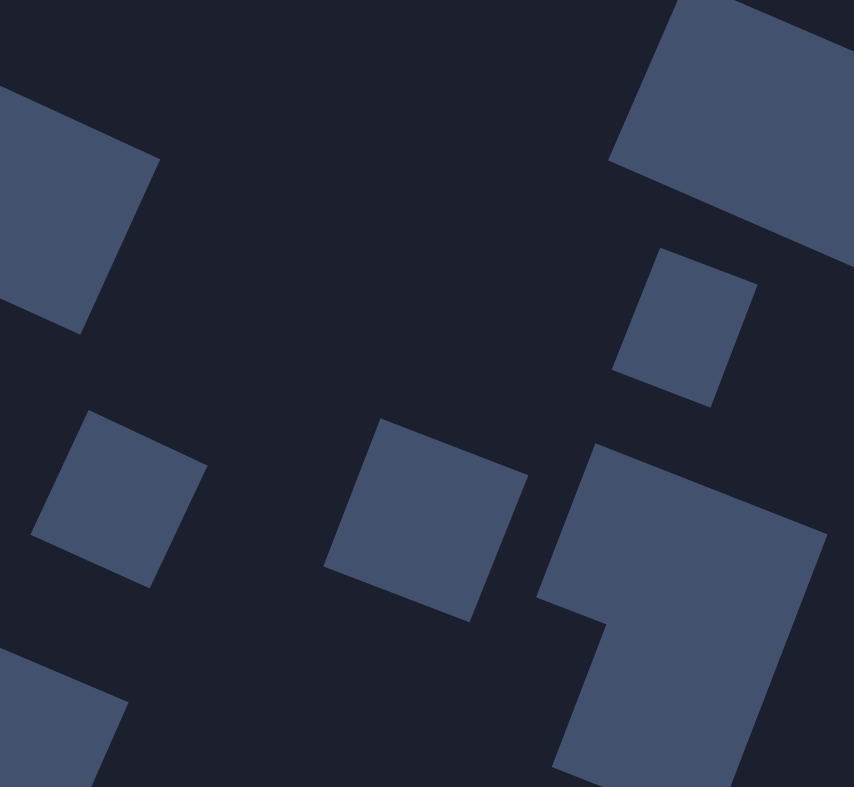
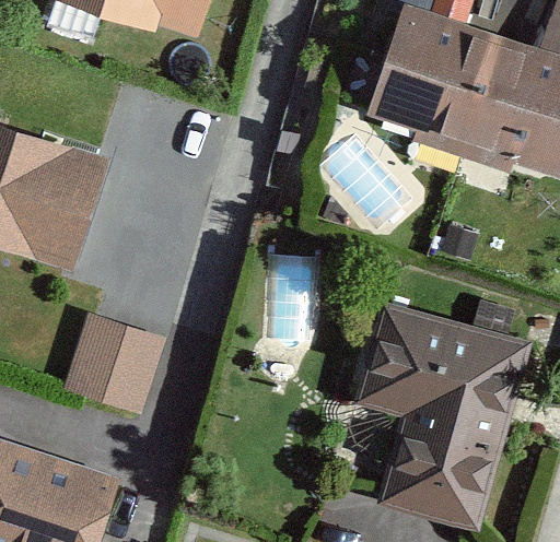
building: [611,247,759,409] -> none
building: [322,417,529,623] -> none

